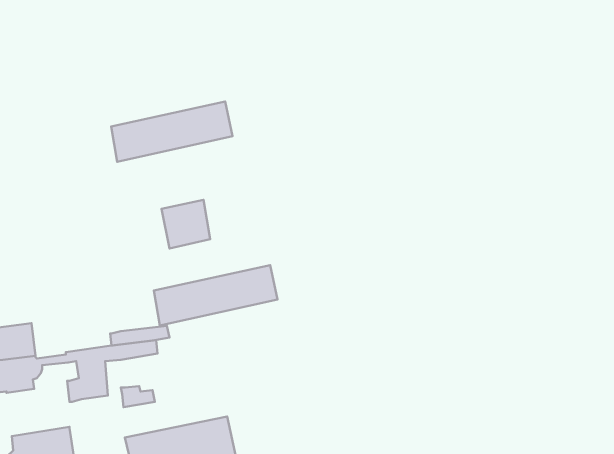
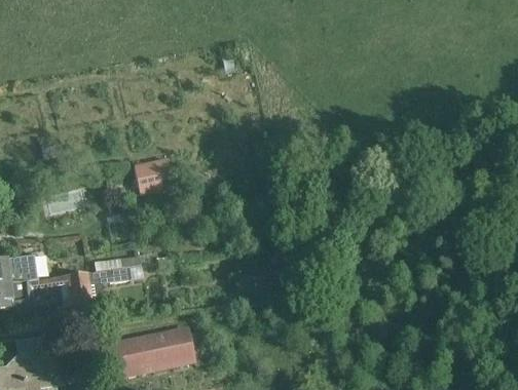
building: [111,101,233,162] -> none
building: [154,265,277,325] -> none

